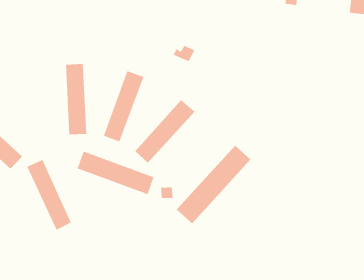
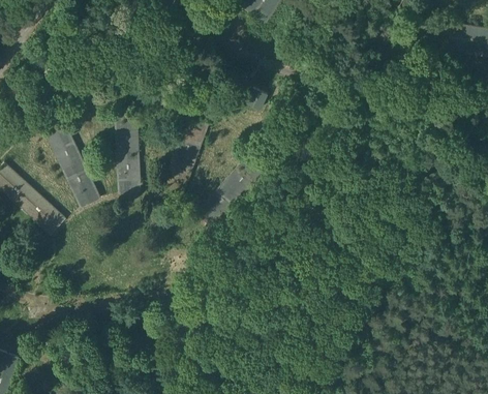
building: [176,145,251,224] -> none
building: [77,151,155,195] -> none
building: [26,159,72,231] -> [45,123,99,208]

